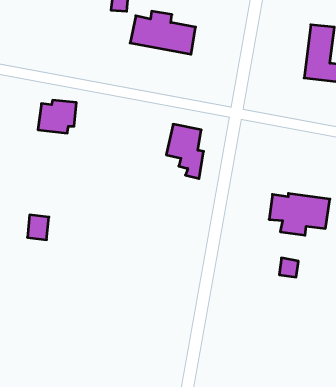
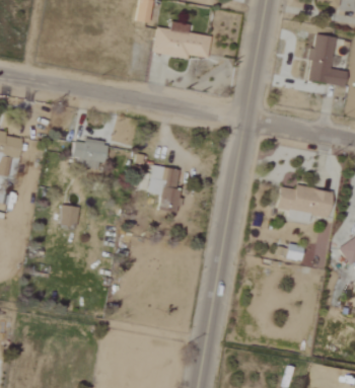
building: [38,100,76,133] -> [72,139,106,168]
building: [166,124,204,179] -> [148,165,182,214]

